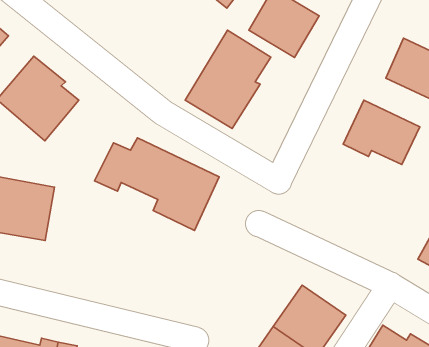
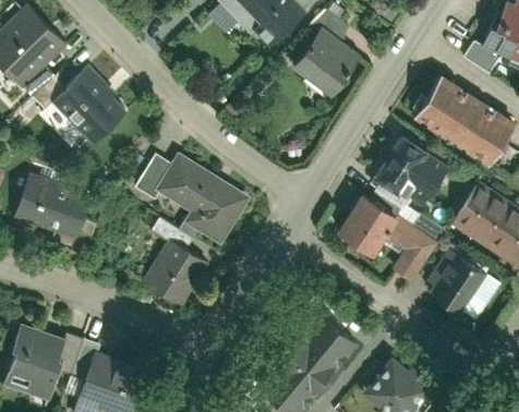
building: [185,30,271,128] -> none
building: none -> [331,199,387,256]
building: none -> [393,228,439,288]
building: none -> [142,239,208,306]

